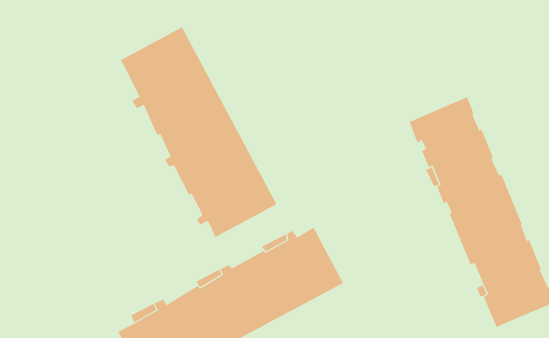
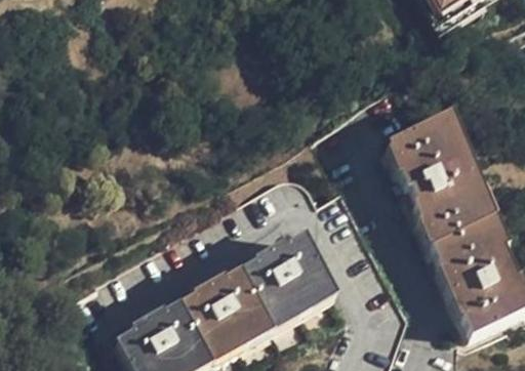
building: [120,26,277,238] -> none

